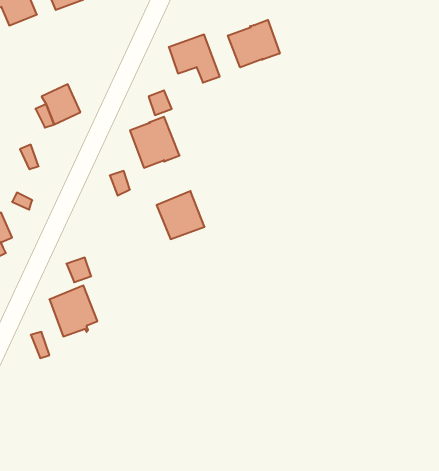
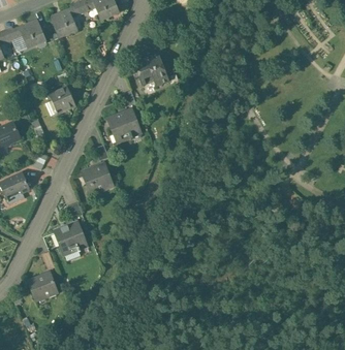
building: [228,20,280,67] -> none
building: [157,191,205,239] -> [81,161,113,193]
building: none -> [27,272,58,298]

